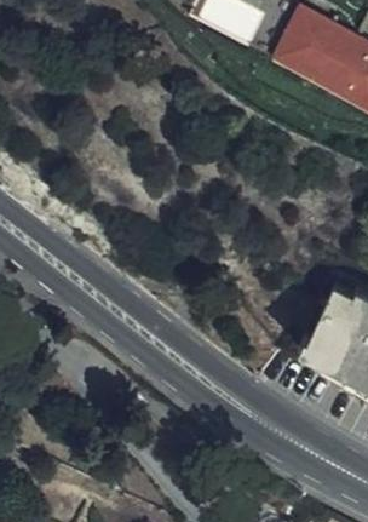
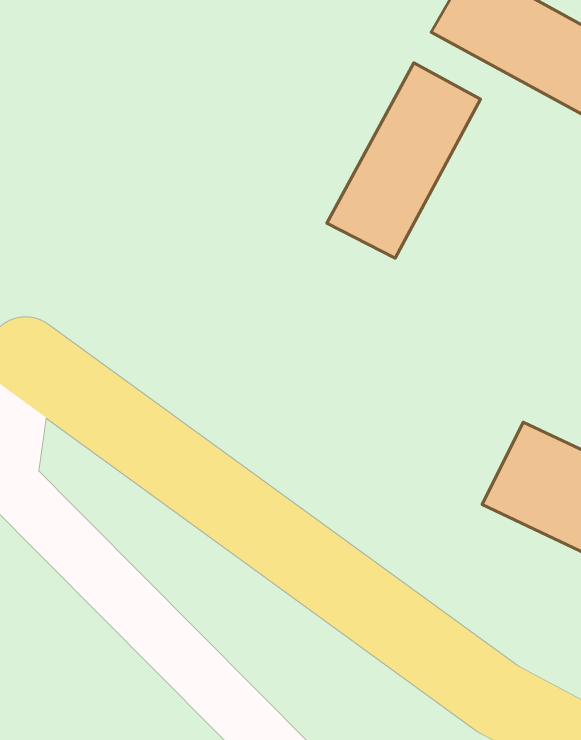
building: none -> [327,63,480,258]

